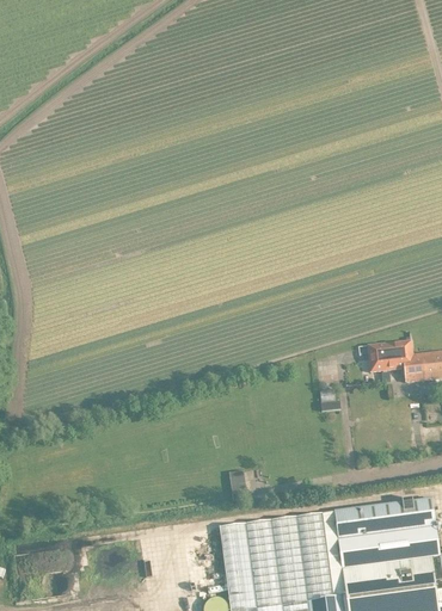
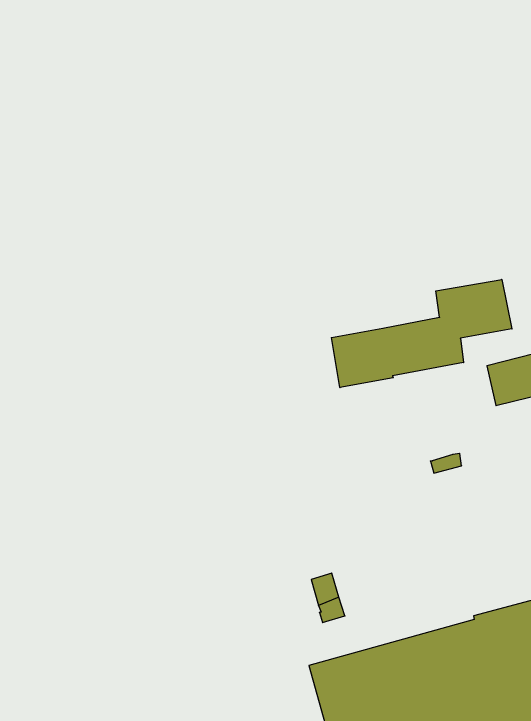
building: none -> [331,279,512,388]

